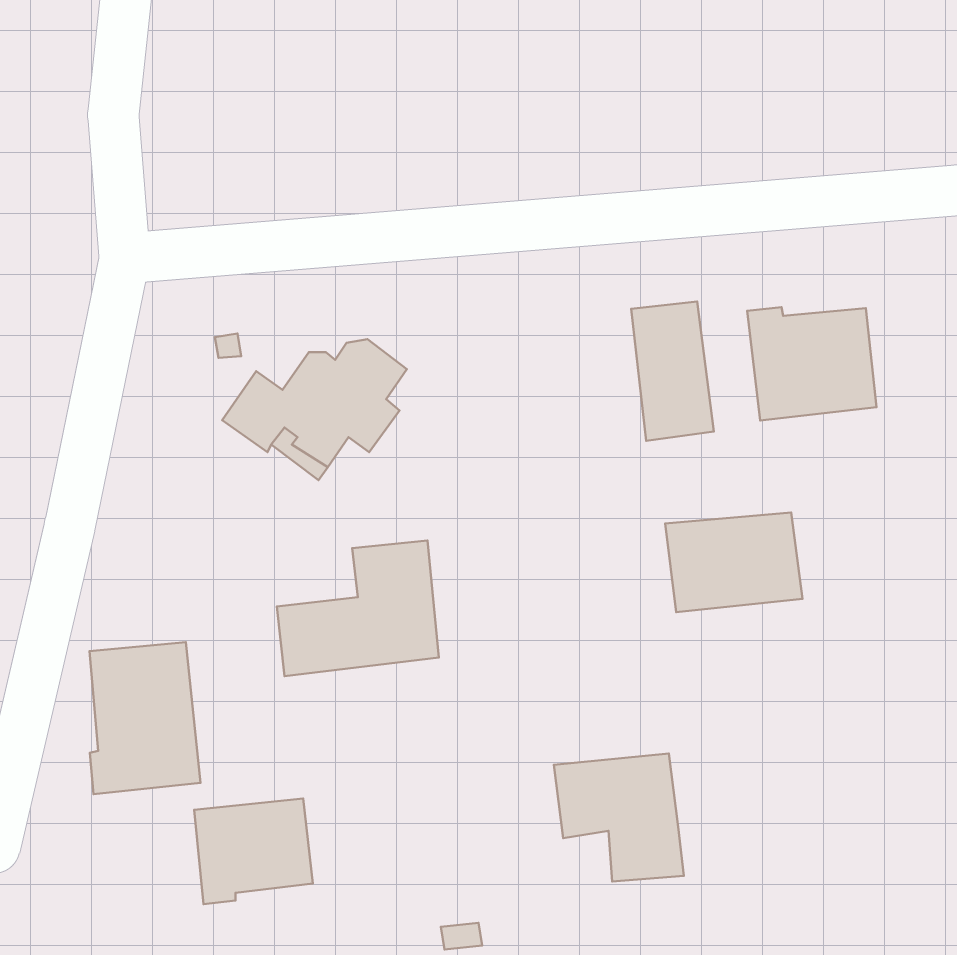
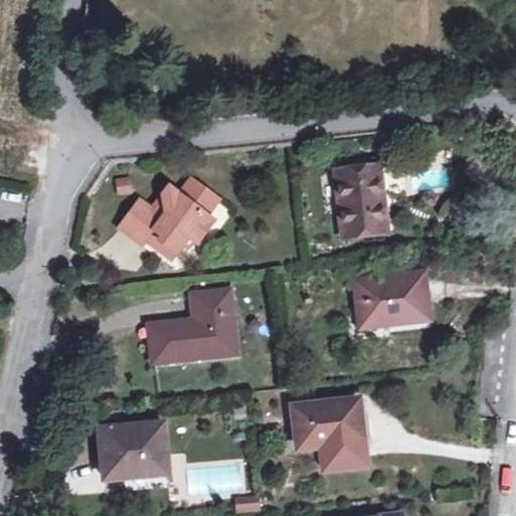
building: [747,307,876,420] -> none
building: [90,642,200,794] -> none

